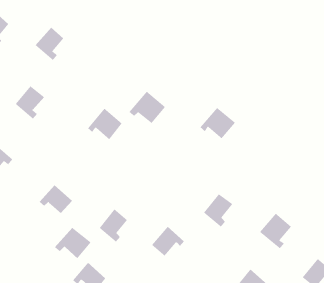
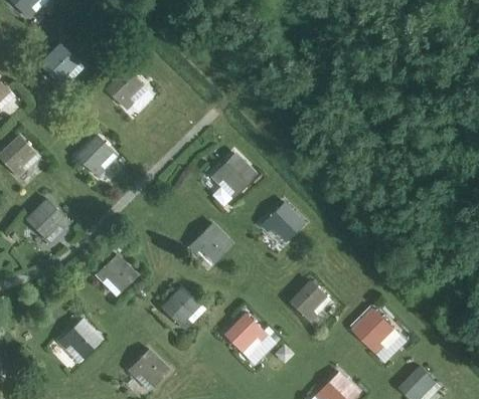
building: [200,107,236,139] -> [261,203,304,241]
building: [87,108,123,140] -> [189,224,231,262]
building: [54,227,91,259] -> [57,320,102,358]

